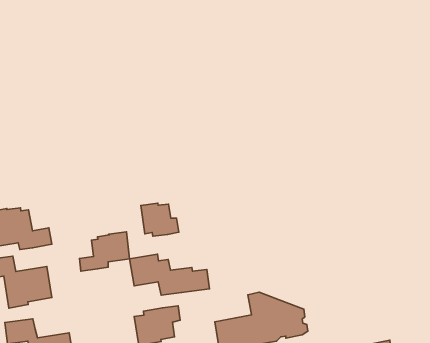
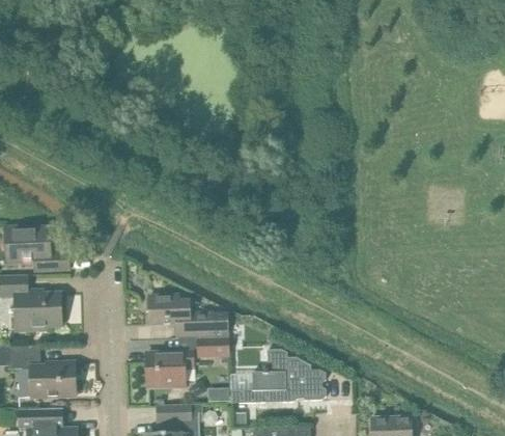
building: [141,203,179,236] -> none
building: [79,232,130,271] -> none
building: none -> [198,338,229,357]

